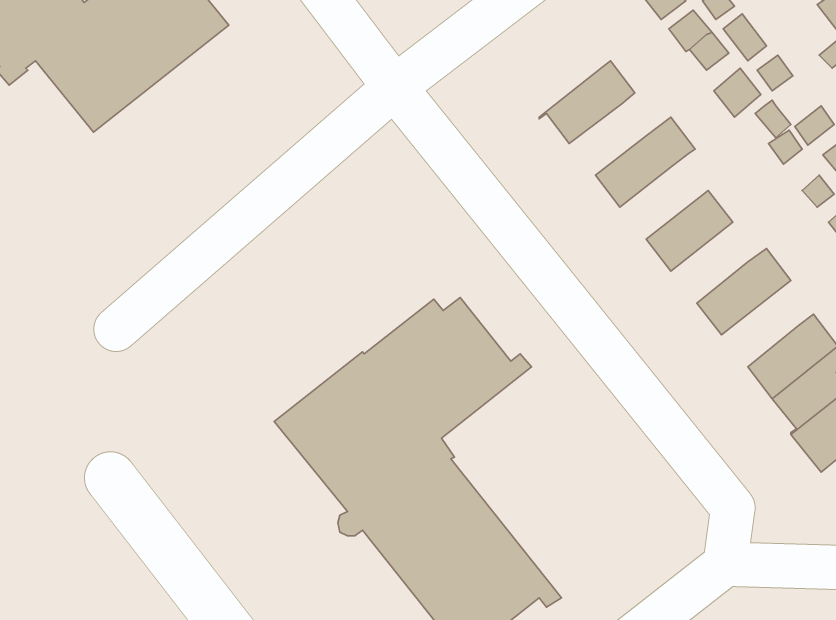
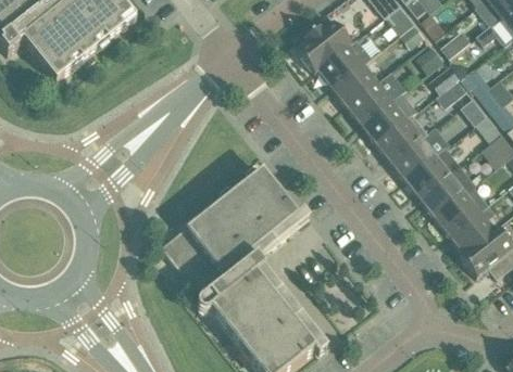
building: none -> [297,22,350,72]
building: none -> [330,64,375,105]
building: none -> [360,92,415,142]
building: none -> [389,137,434,179]
building: none -> [418,166,473,216]

